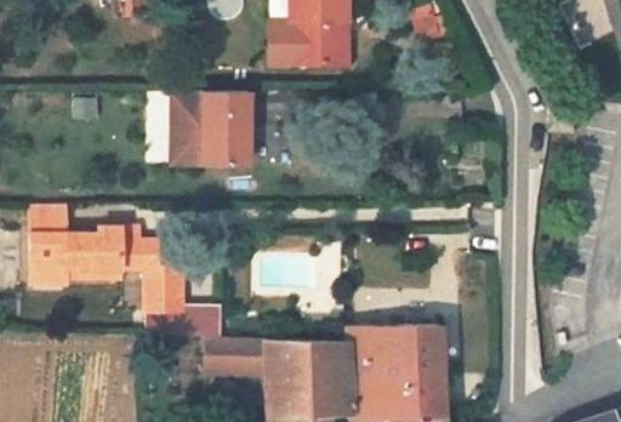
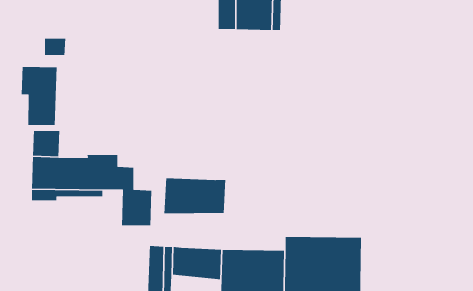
building: [166,95,243,171] -> none
building: none -> [21,66,58,126]
building: none -> [163,178,226,214]

